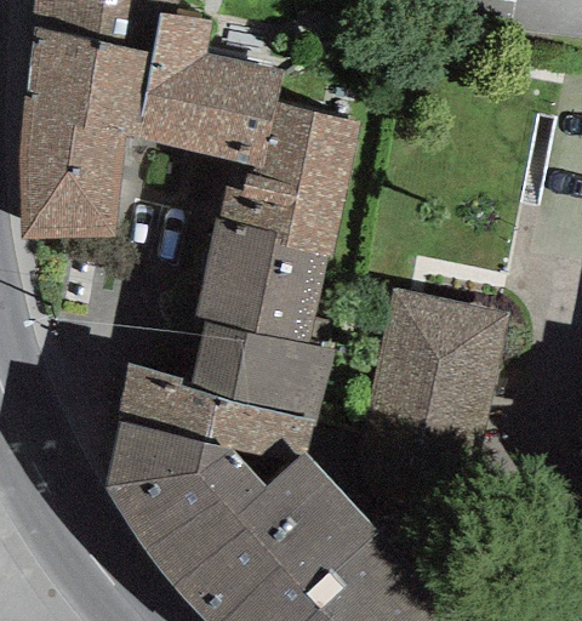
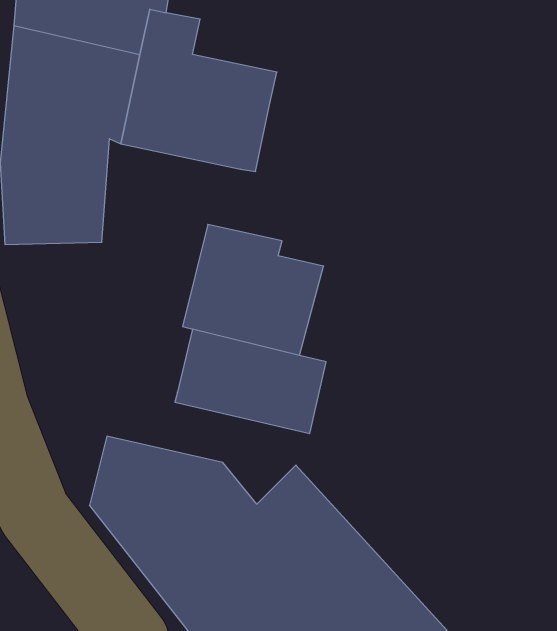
building: [217,103,360,258] -> none
building: [366,289,504,438] -> none
building: [118,361,315,488] -> none

